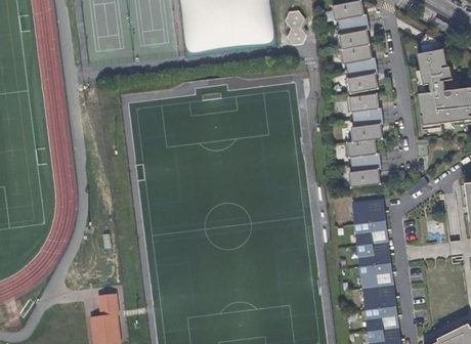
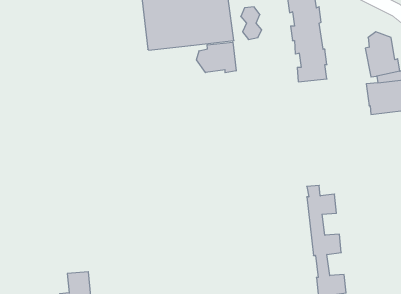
building: none -> [196,42,236,73]
building: [342,91,381,186] -> none

